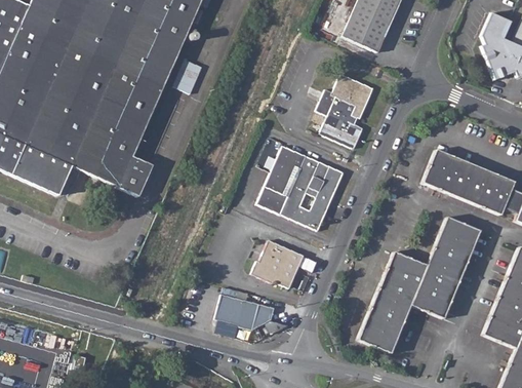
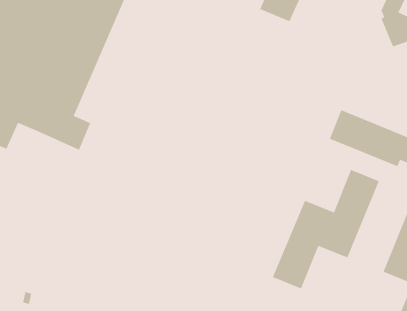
building: [316,74,372,148] -> none
building: [256,145,343,230] -> none
building: [250,239,303,287] -> none
building: [215,294,273,329] -> none

